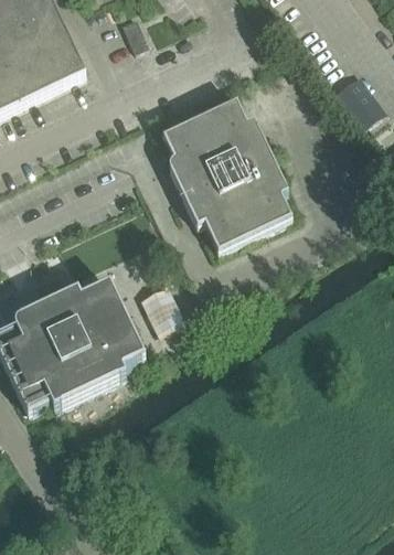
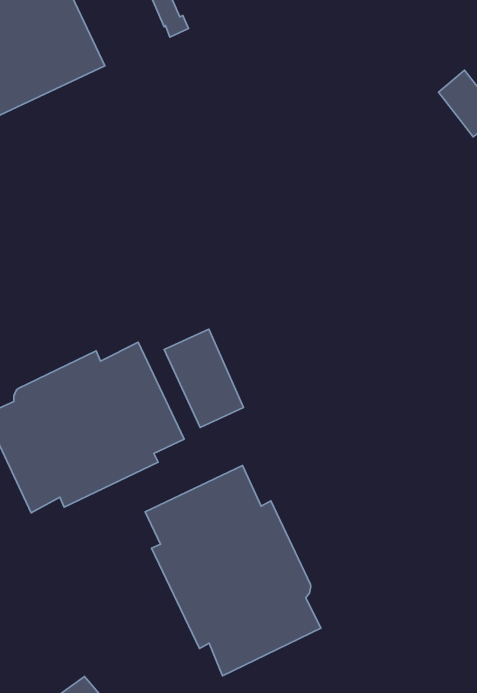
building: [161,97,291,249] -> none
building: none -> [145,465,321,676]

